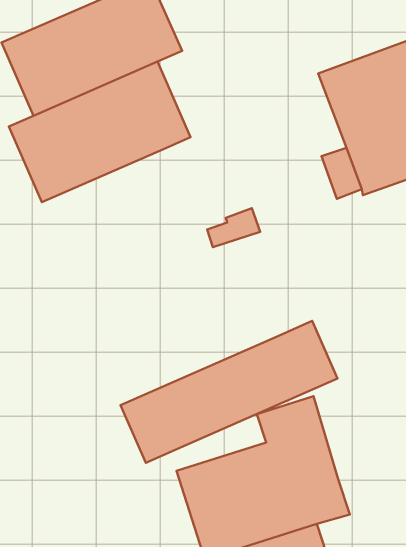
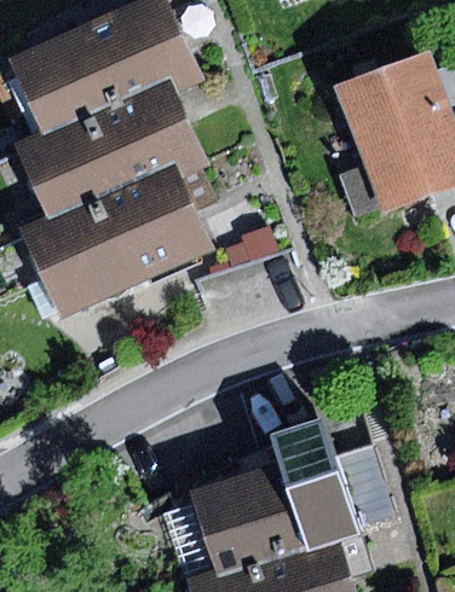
building: none -> [24,166,213,317]
building: [121,321,337,463] -> none

